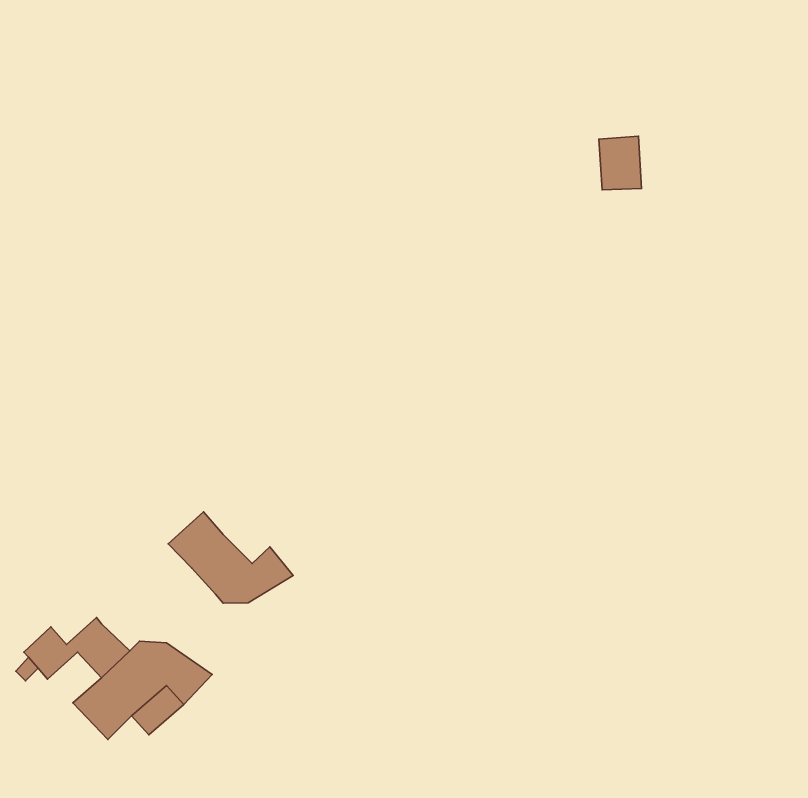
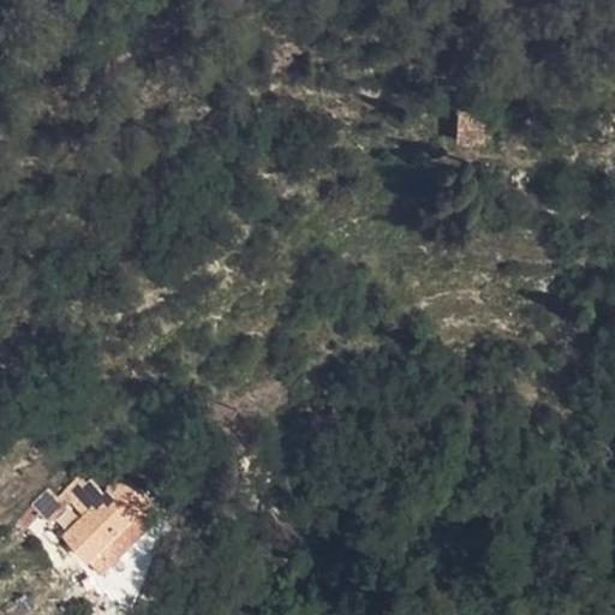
building: [168,512,293,603] -> none

